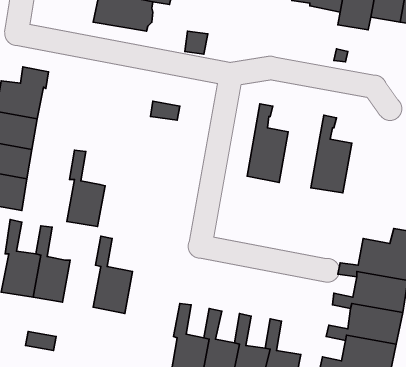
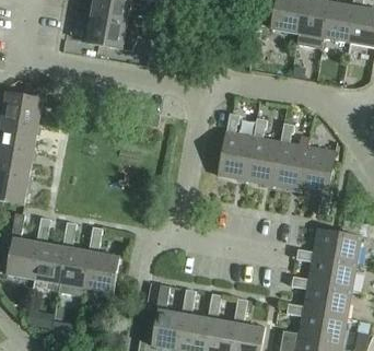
building: none -> [245,118,280,185]
building: none -> [300,147,335,214]
building: [67,150,105,227] -> [59,222,92,288]

